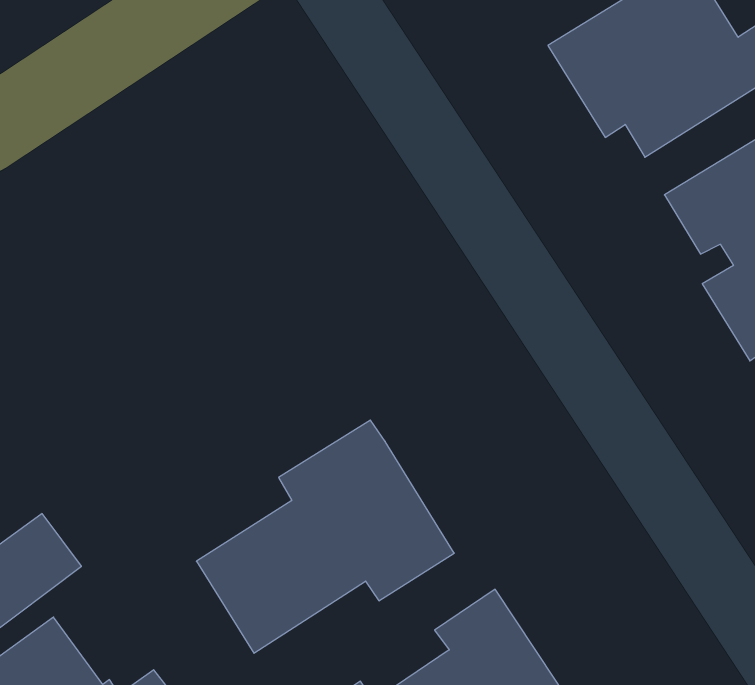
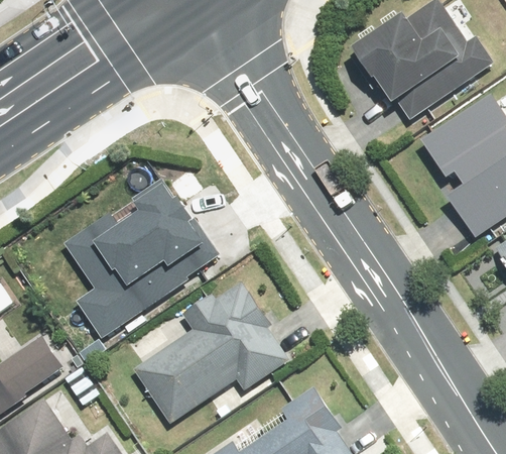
building: none -> [61,176,205,328]

